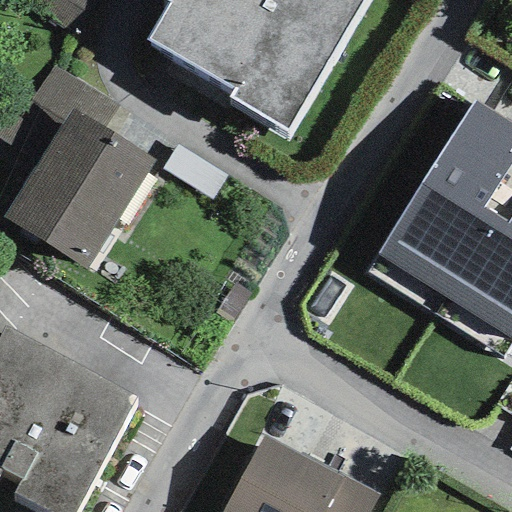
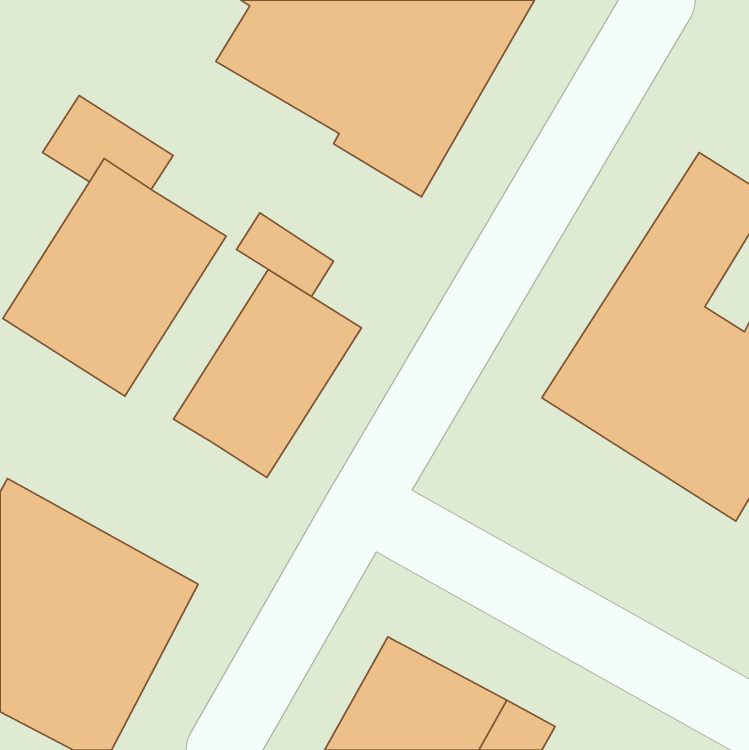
building: none -> [173,269,361,477]

